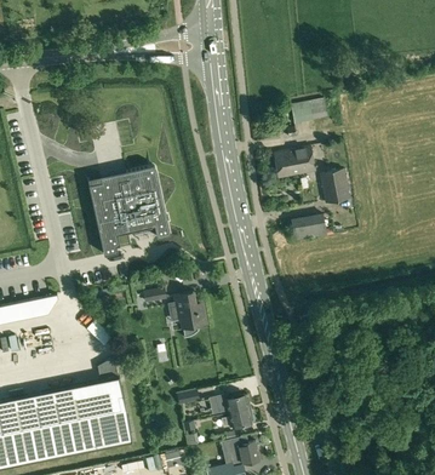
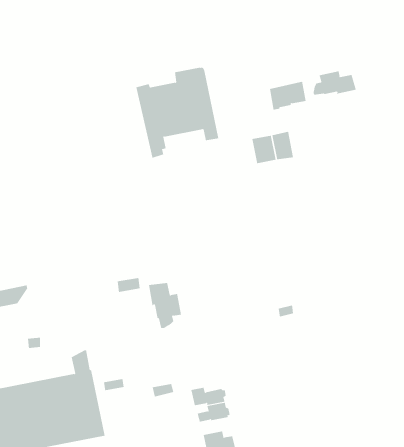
building: none -> [313,71,356,96]
building: [88,167,170,256] -> [135,67,219,158]
building: [320,171,350,204] -> none
building: [291,213,326,242] -> none

